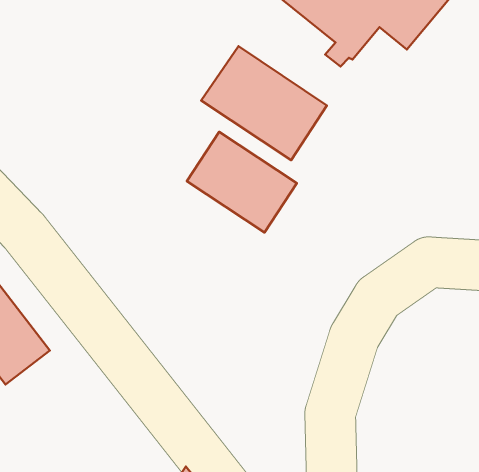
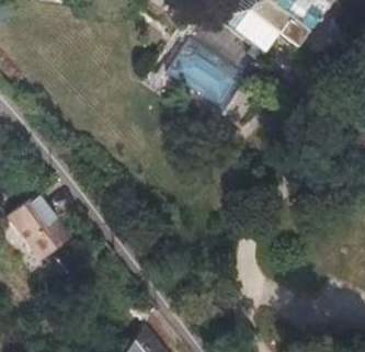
building: [187,132,297,232] -> none

